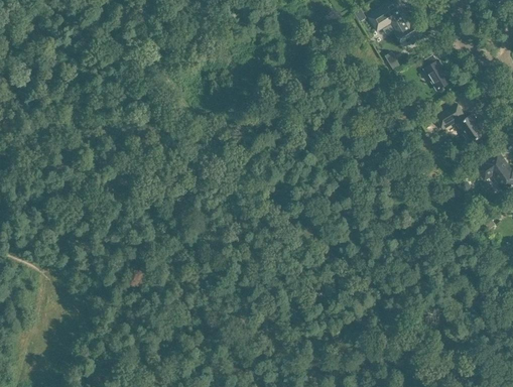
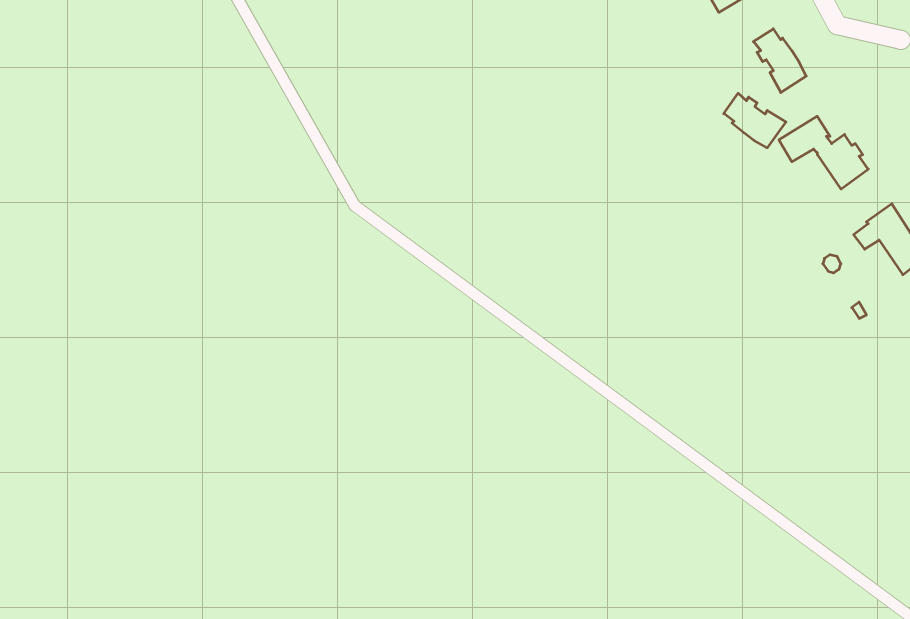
building: none -> [724,93,786,148]

